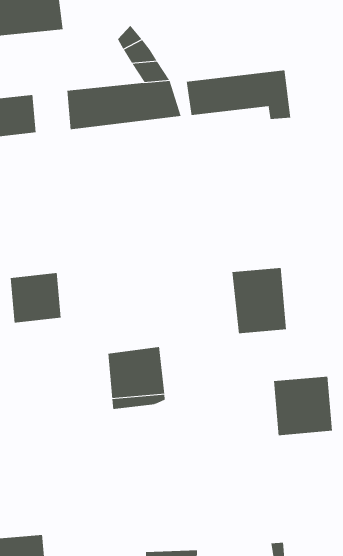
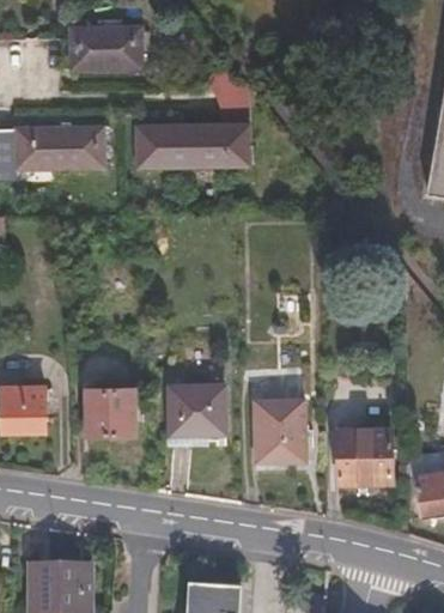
building: [186,69,291,120] -> none
building: [231,267,287,334] -> [254,400,304,462]
building: [10,272,61,323] -> [84,387,132,433]

